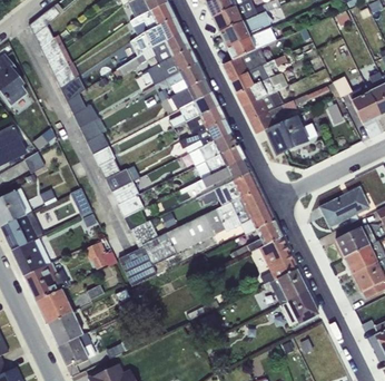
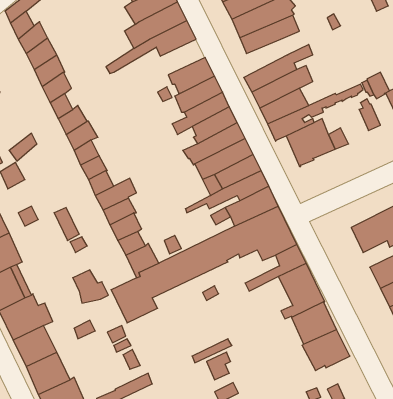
building: [147,48,197,84] -> none
building: [221,48,266,80] -> none

